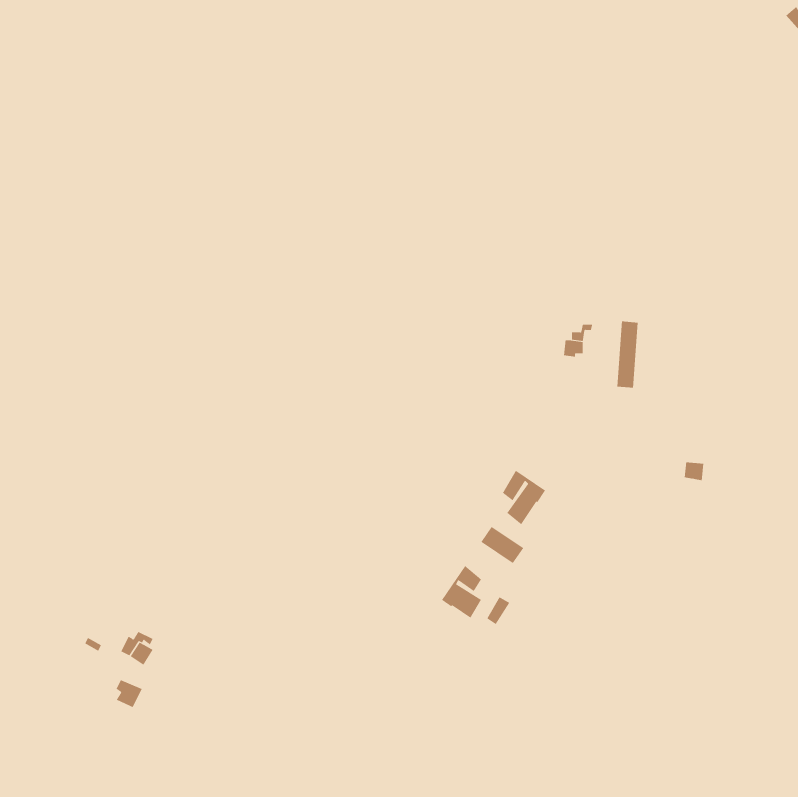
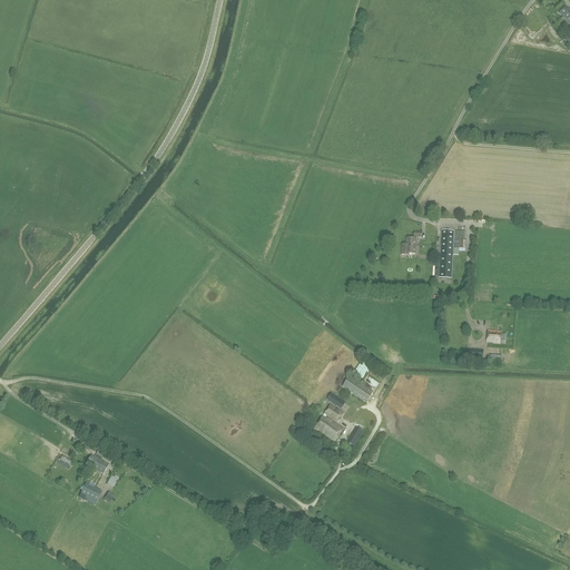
building: [502,470,546,525] -> none

